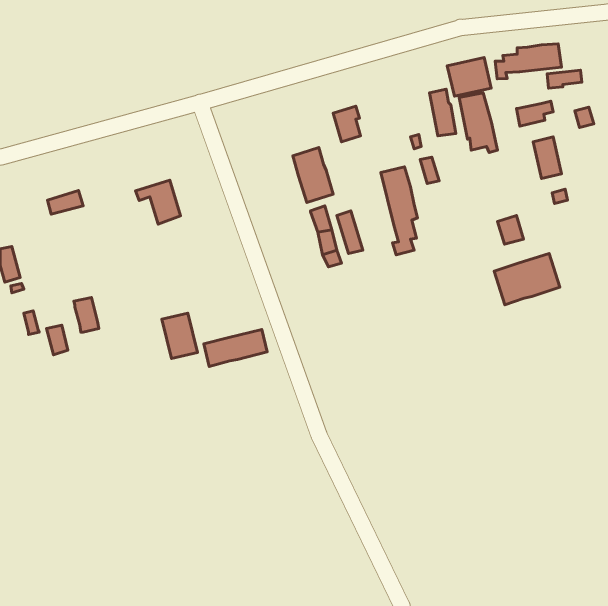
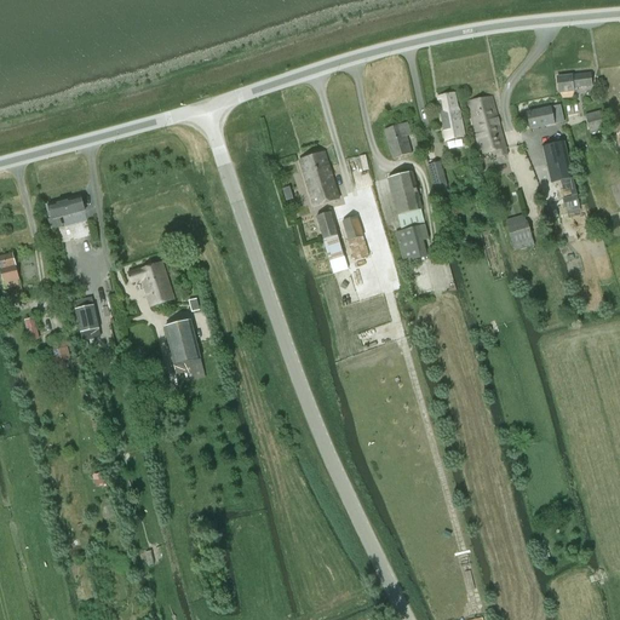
building: [495,44,561,79] -> none
building: [447,58,491,96] -> none
building: [333,106,361,142] -> [384,121,412,157]
building: [135,180,181,224] -> [127,260,173,305]
building: [494,253,560,305] -> none
building: [204,329,267,366] -> none

